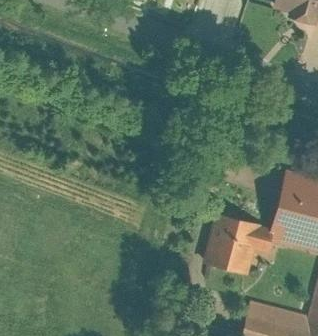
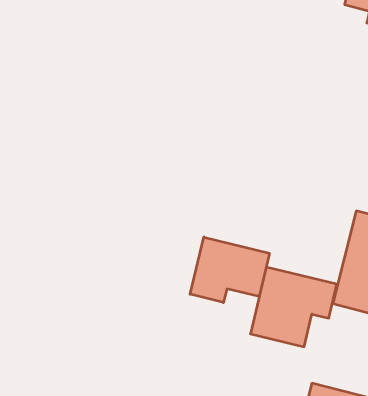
building: none -> [190,237,269,303]

